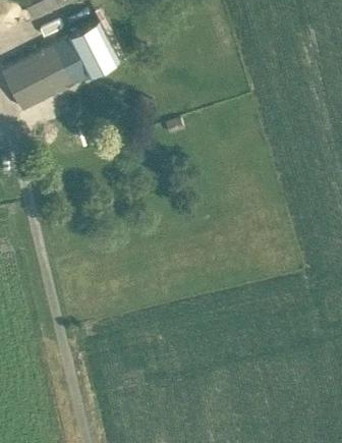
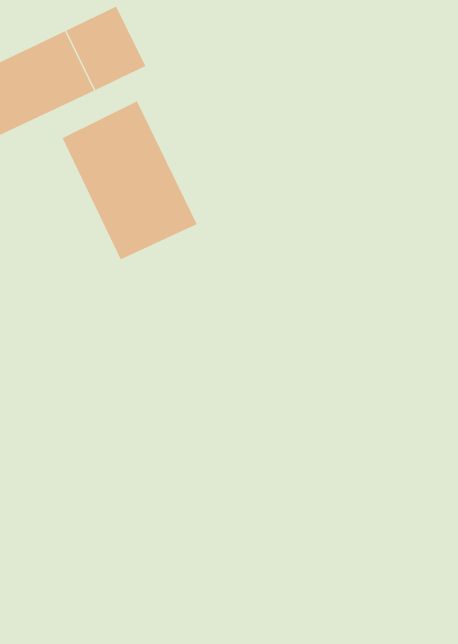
building: none -> [62,101,197,260]

